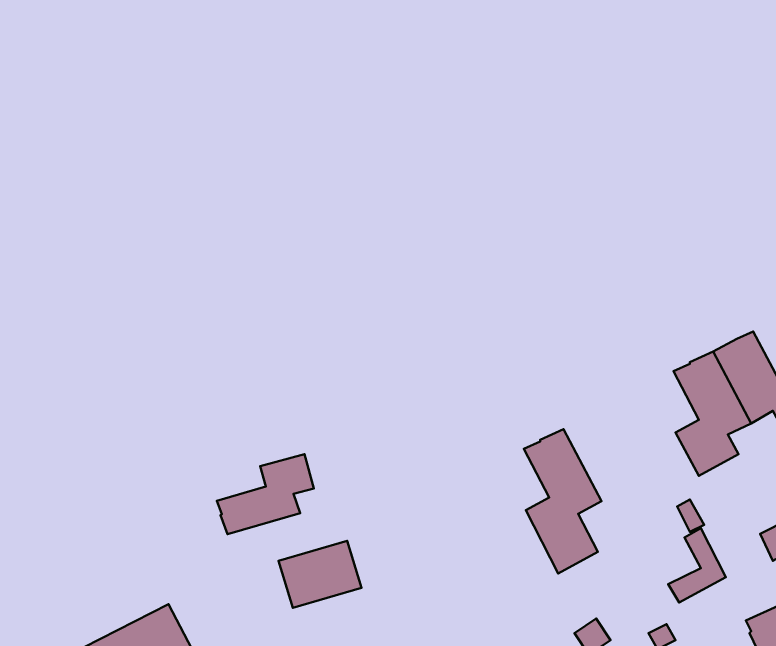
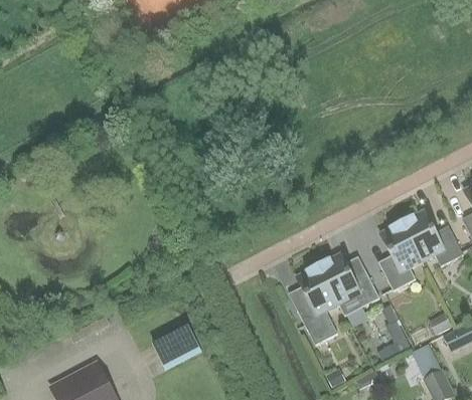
building: none -> [318,252,379,309]
building: [217,454,314,534] -> none

